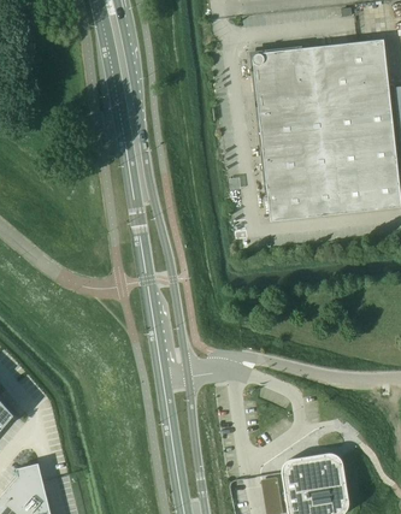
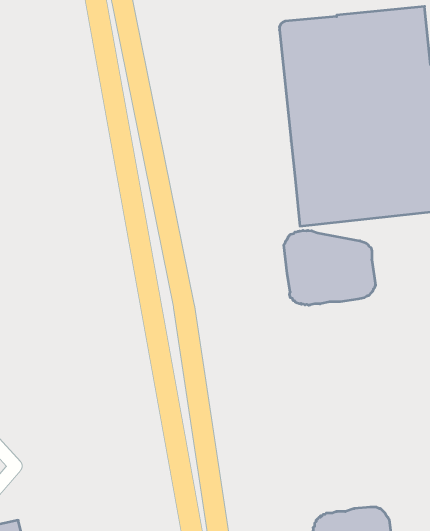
building: none -> [284,230,375,305]

